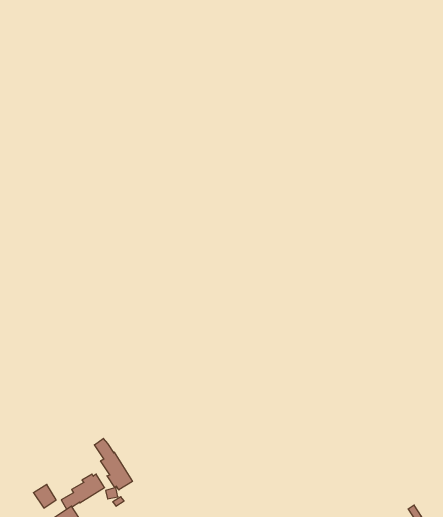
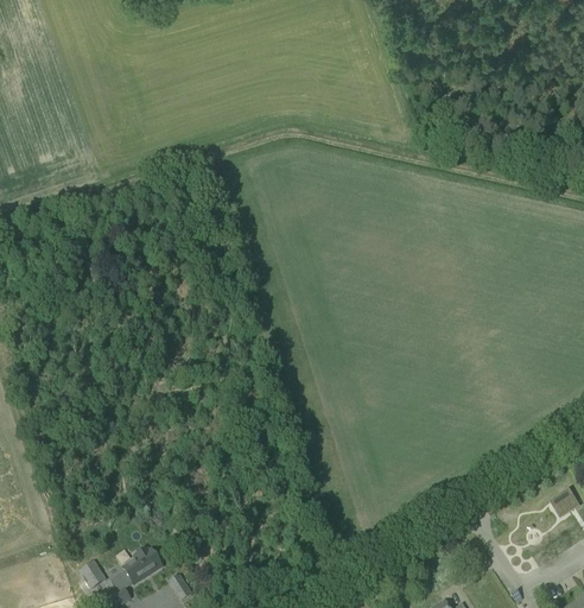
building: [94,438,132,490] -> none

